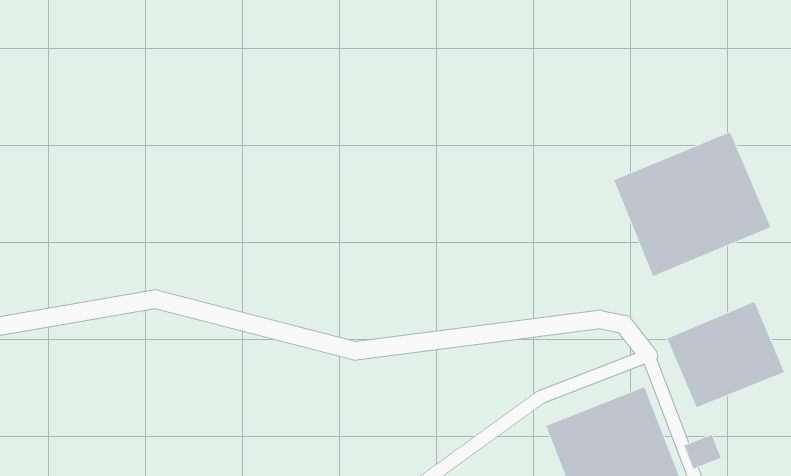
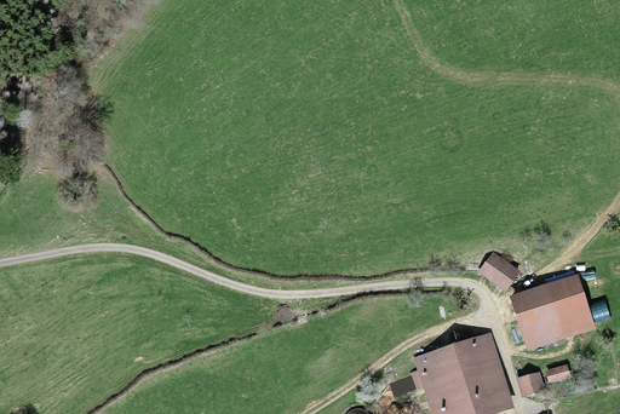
building: [614,131,771,277] -> none
building: none -> [478,252,519,291]

